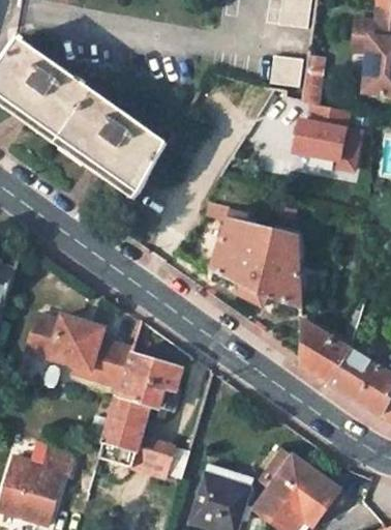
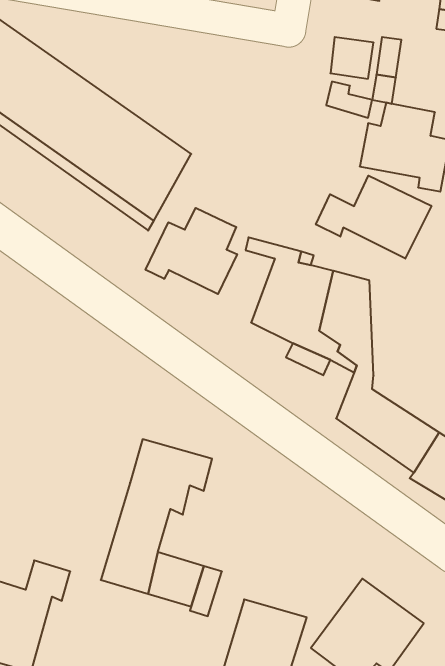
building: none -> [316,176,431,259]
building: none -> [146,208,237,294]
building: [30,312,133,386] -> none

